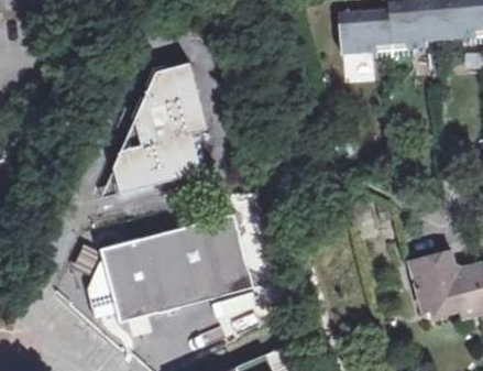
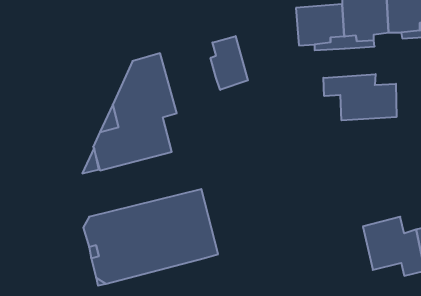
building: none -> [211,36,248,90]
building: none -> [323,74,396,120]

